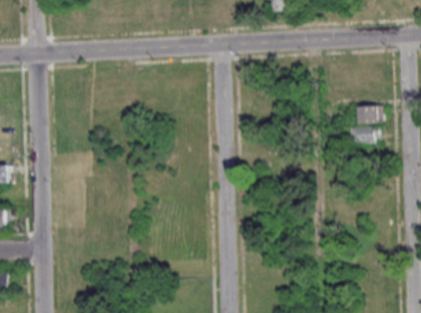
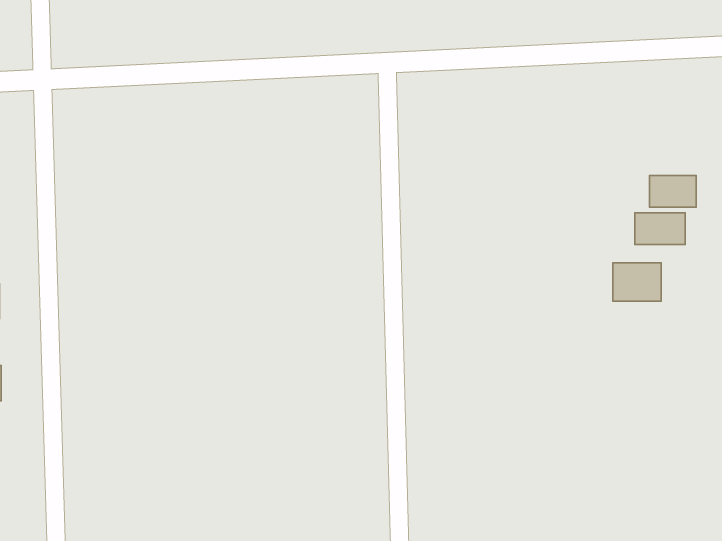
building: none -> [613,263,661,301]

